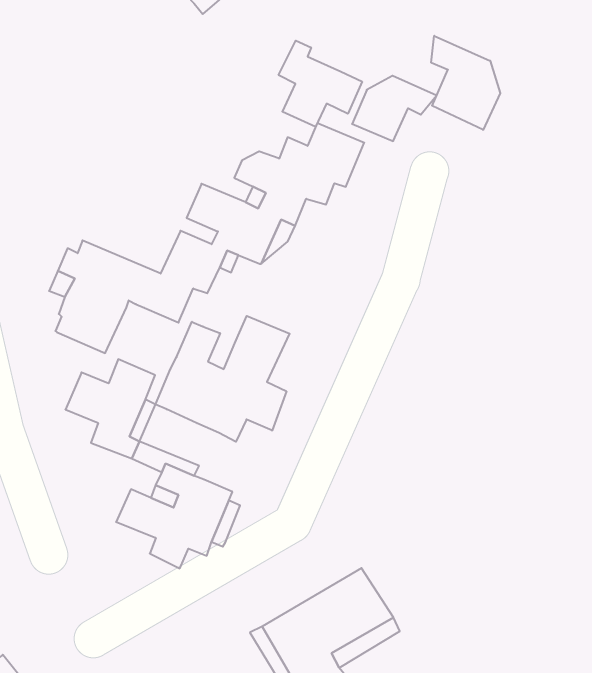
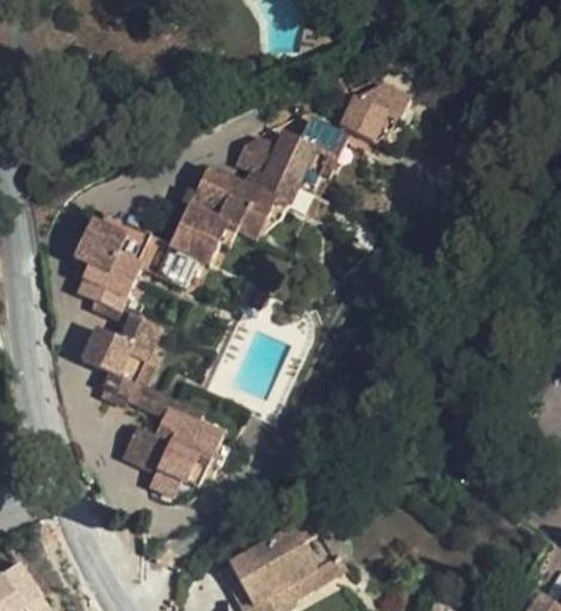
building: [431,36,500,130] -> none
building: [279,41,362,127] -> none
building: [155,316,290,442] -> none

